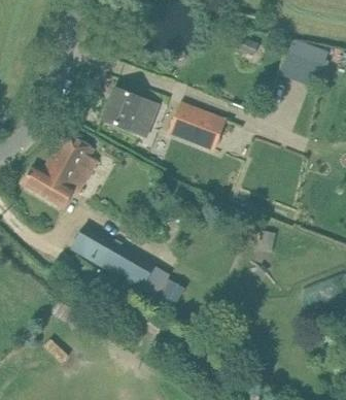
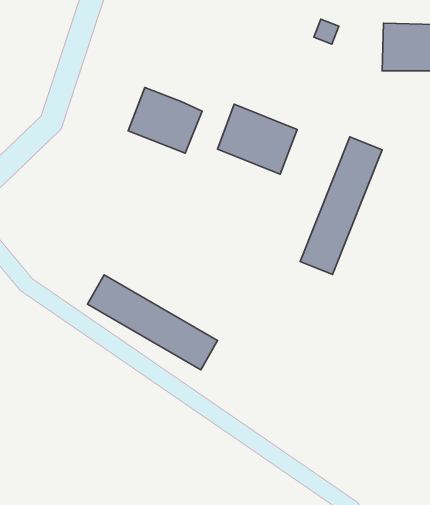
building: none -> [300,137,382,275]
building: [24,132,97,207] -> none

